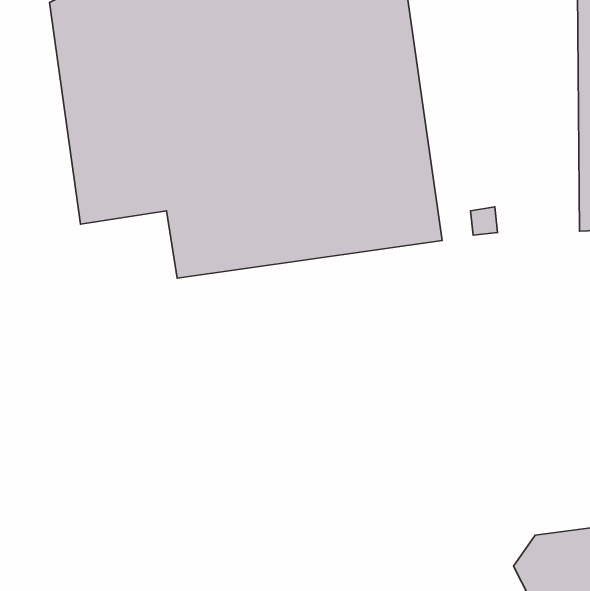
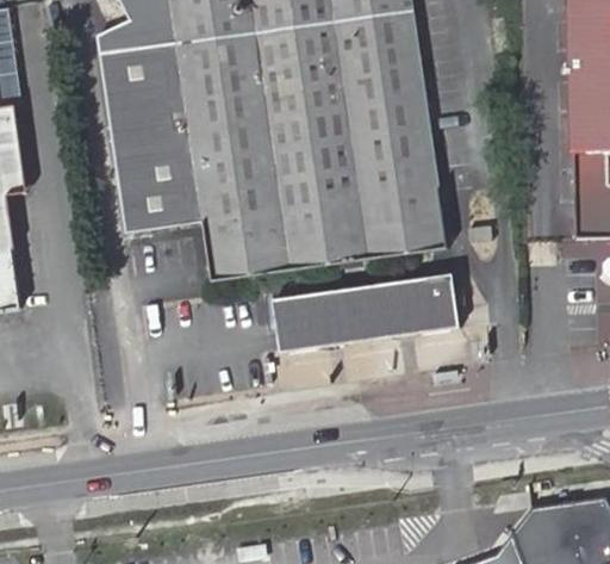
building: none -> [274,272,458,351]

